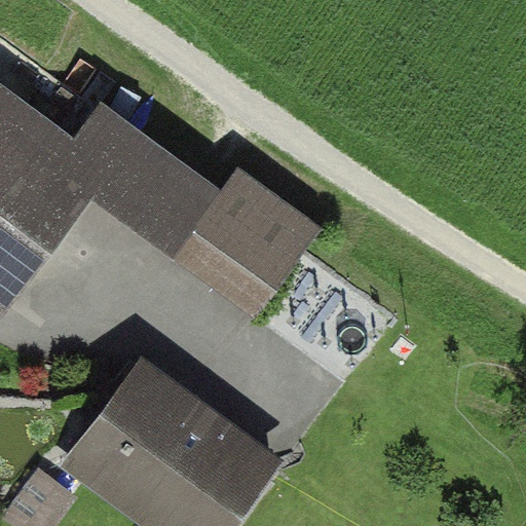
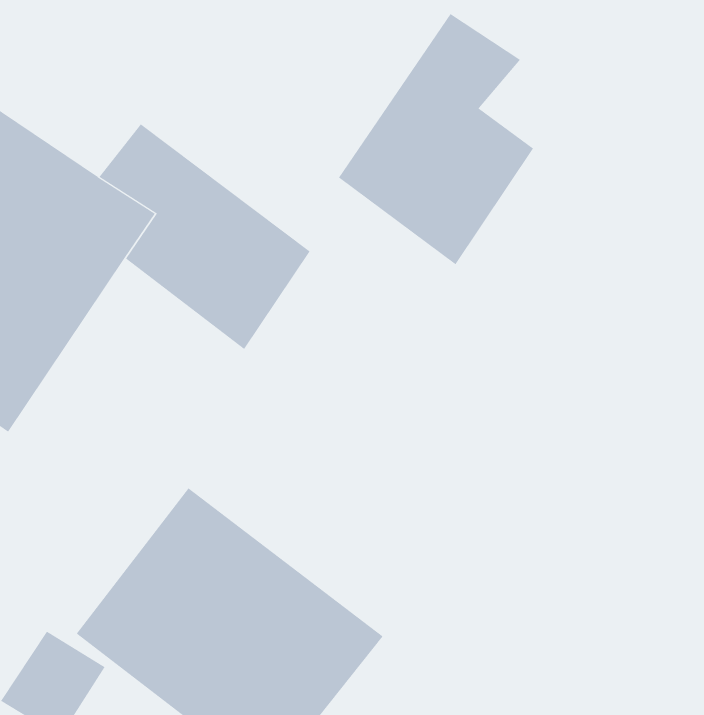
building: none -> [338,13,534,265]
building: [174,172,321,322] -> none

